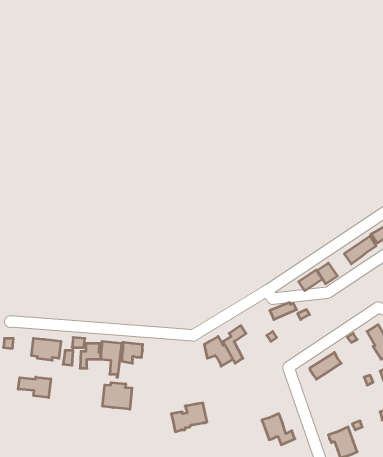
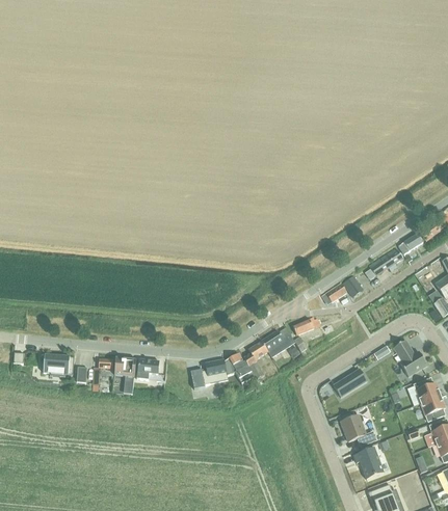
building: none -> [262,329,293,356]
building: [18,377,51,398] -> none
building: [103,383,132,409] -> none
building: [171,403,207,432] -> [190,359,228,389]
building: [262,414,295,445] -> [341,414,375,447]

